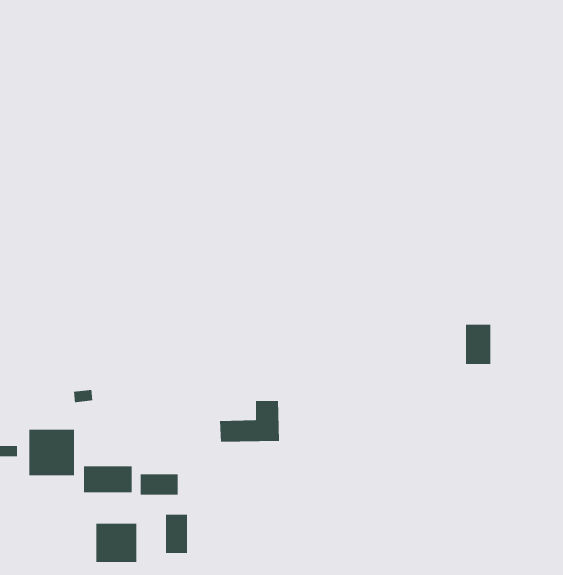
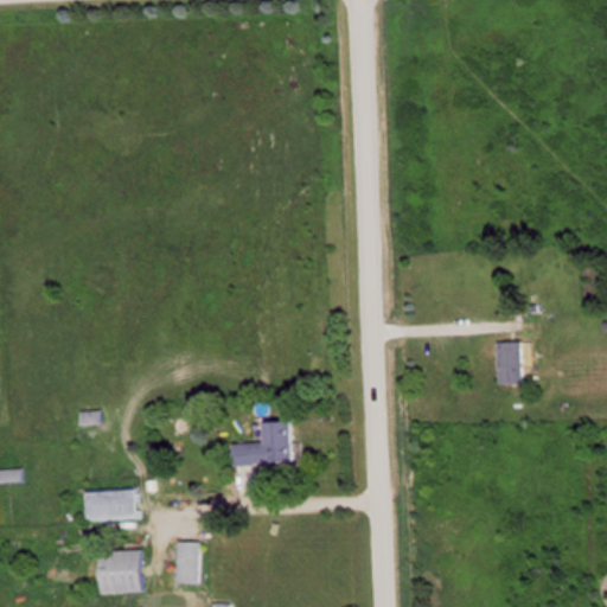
building: [29,429,74,476] -> none
building: [140,474,178,495] -> none

